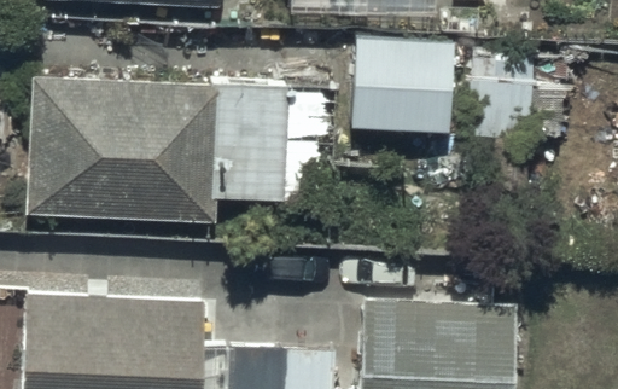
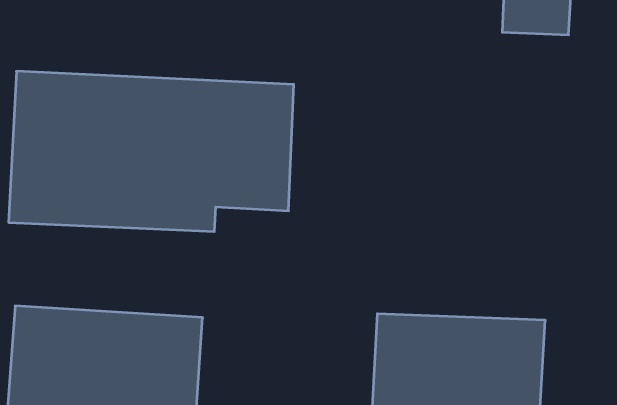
building: [352,40,457,138] -> none

